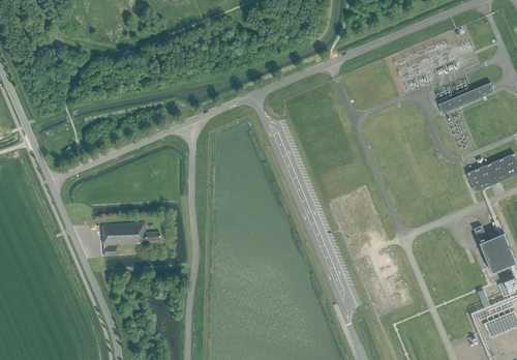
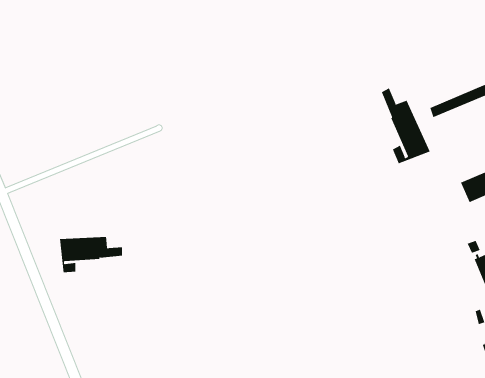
building: none -> [381,88,430,164]

